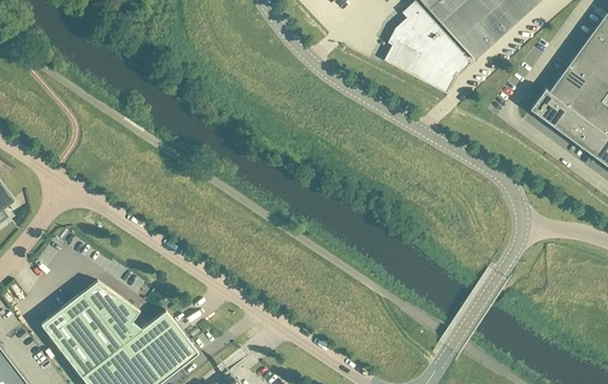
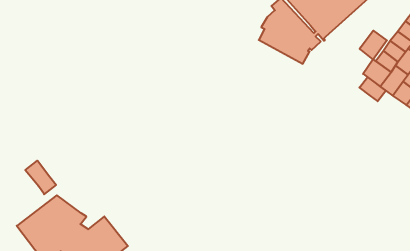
building: none -> [360,31,387,59]
building: none -> [359,77,386,101]
building: none -> [25,161,56,194]

